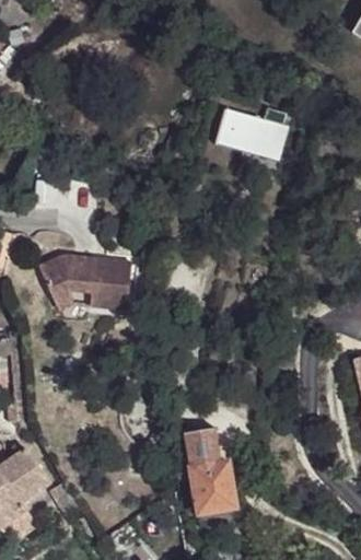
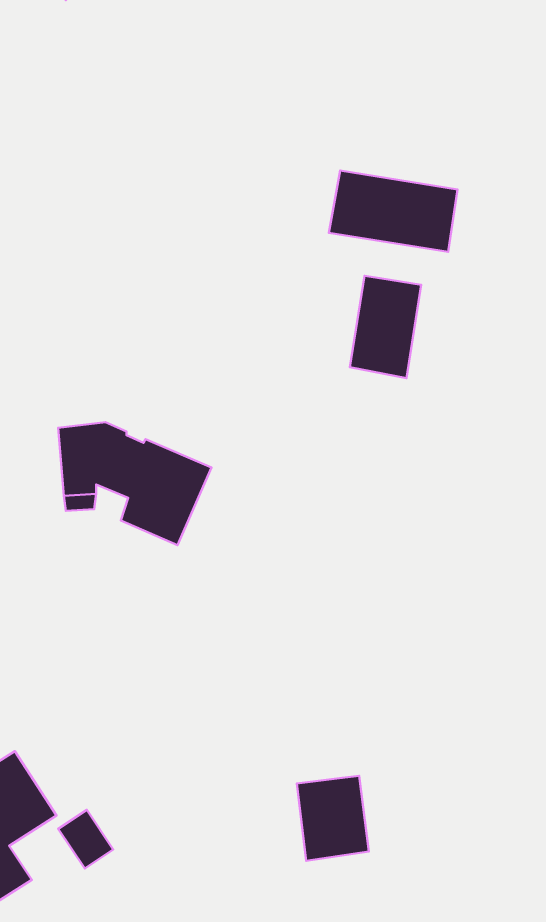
building: none -> [350,276,421,378]
building: [188,423,219,464] -> none

